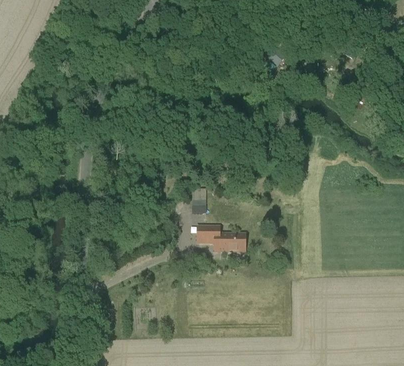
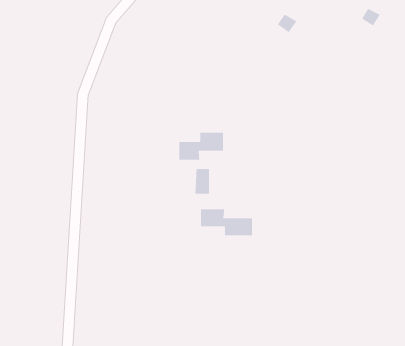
building: none -> [178,132,224,161]

